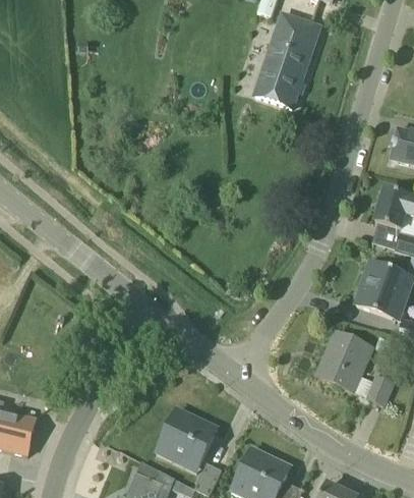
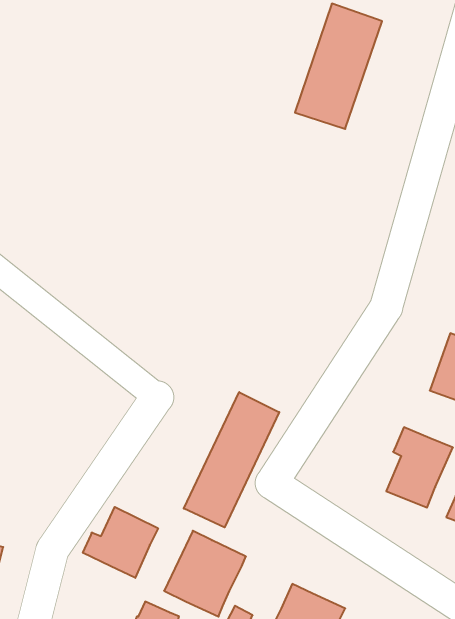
building: none -> [184,392,279,527]
building: none -> [83,507,158,578]

